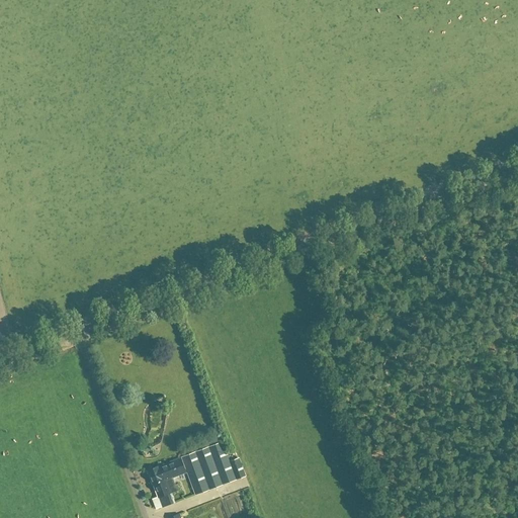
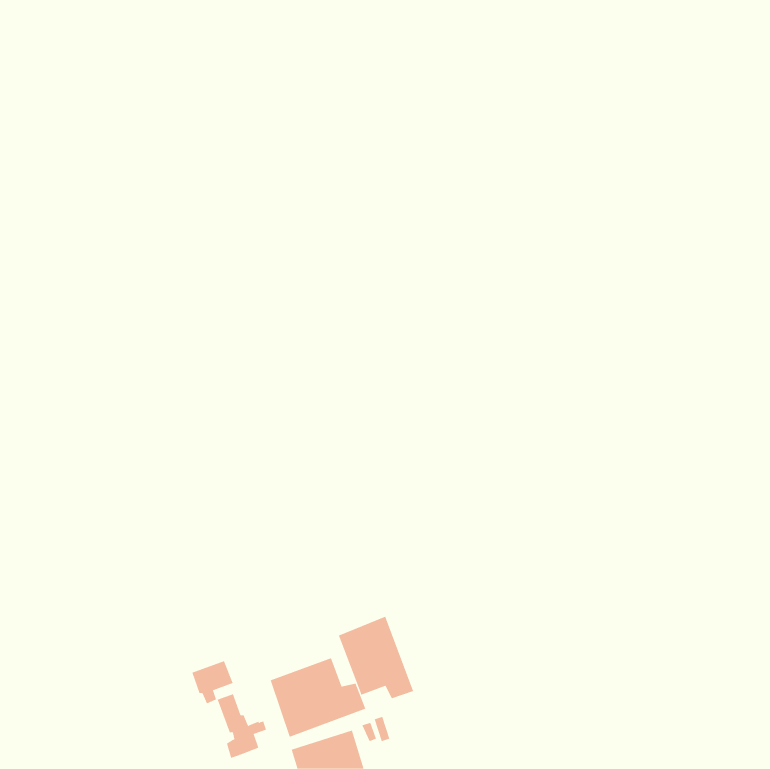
building: none -> [338,616,414,700]
building: [157,457,185,487] -> [191,660,234,704]

